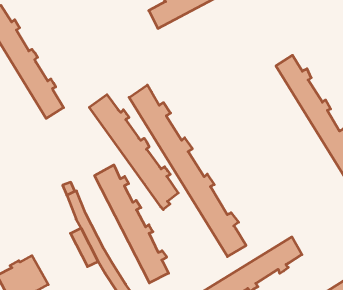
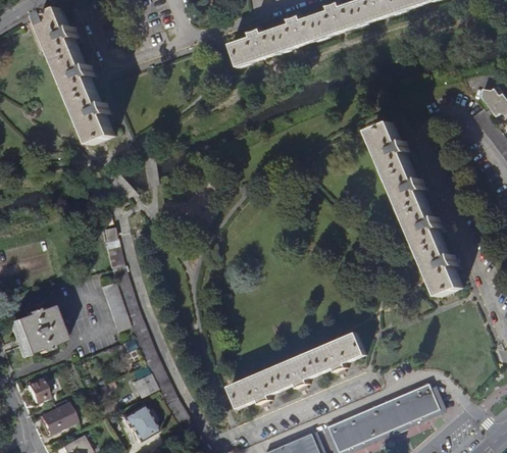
building: [129,85,246,257] -> none
building: [89,95,178,210] -> none
building: [95,165,169,283] -> none

